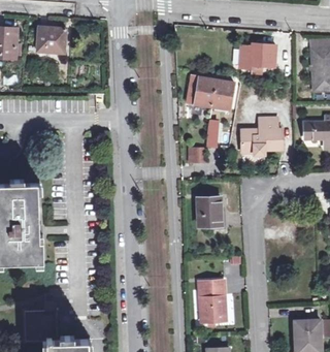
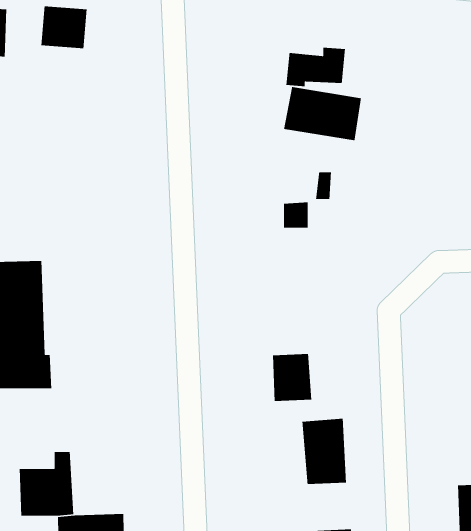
building: [239,43,276,68] -> [286,47,346,87]
building: [241,119,283,155] -> none
building: [197,196,222,226] -> [272,353,312,402]

